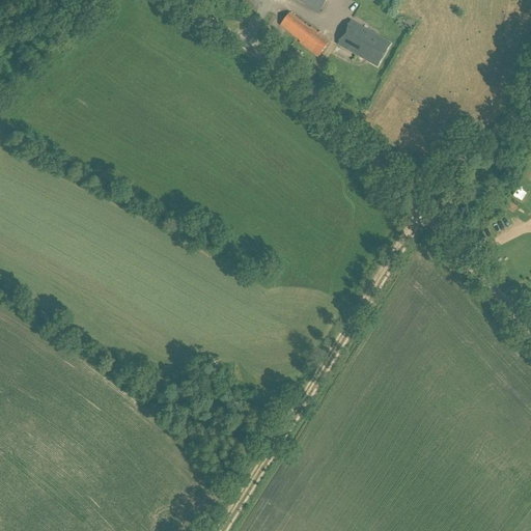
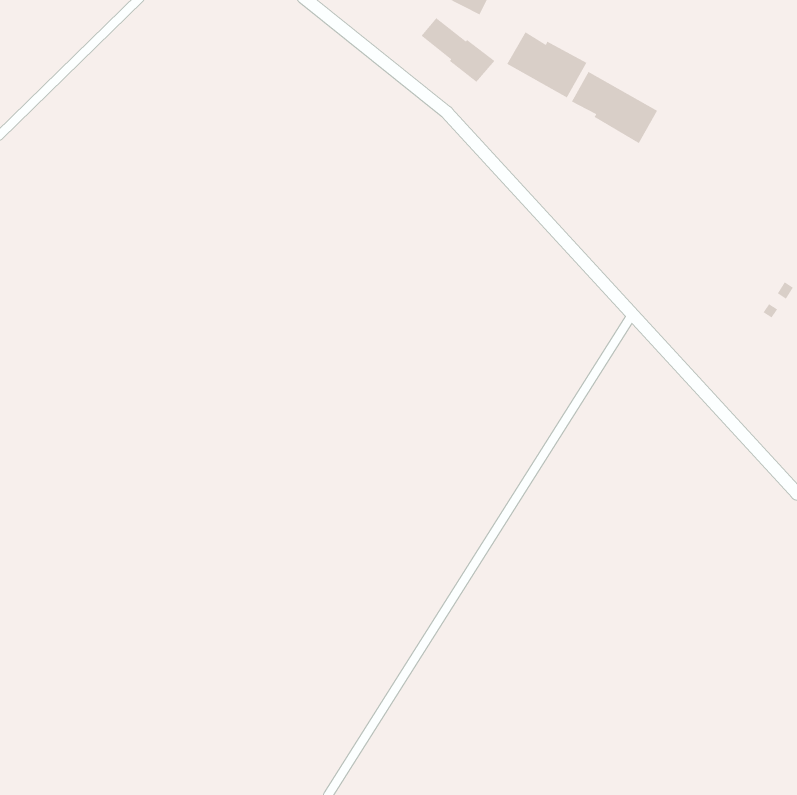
building: none -> [571,71,658,144]

